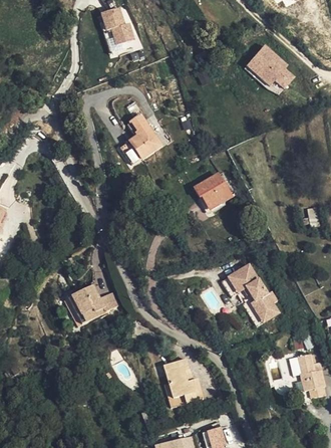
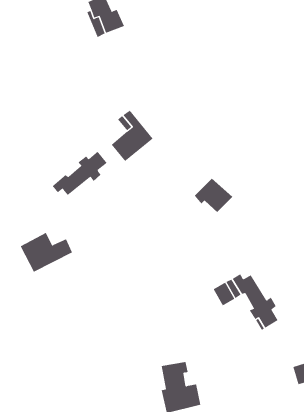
building: [248,38,294,86] -> none
building: none -> [52,151,107,196]
building: [69,283,119,321] -> [20,232,73,273]

